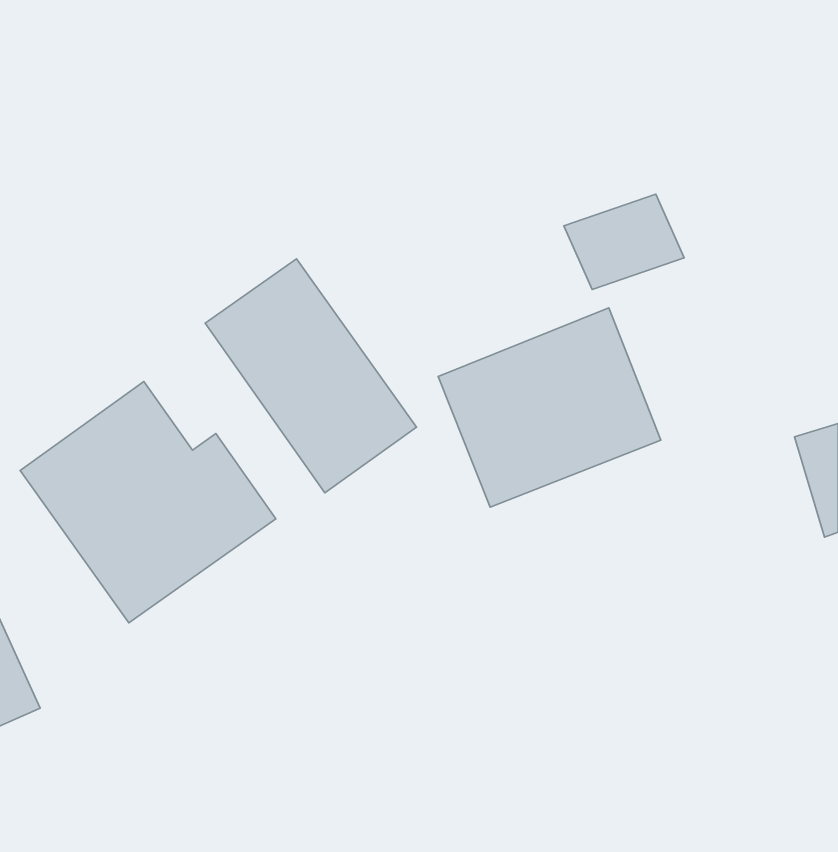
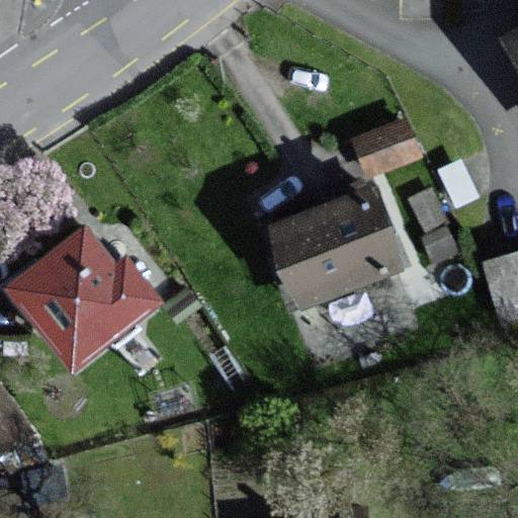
building: [205,259,417,493] -> none

